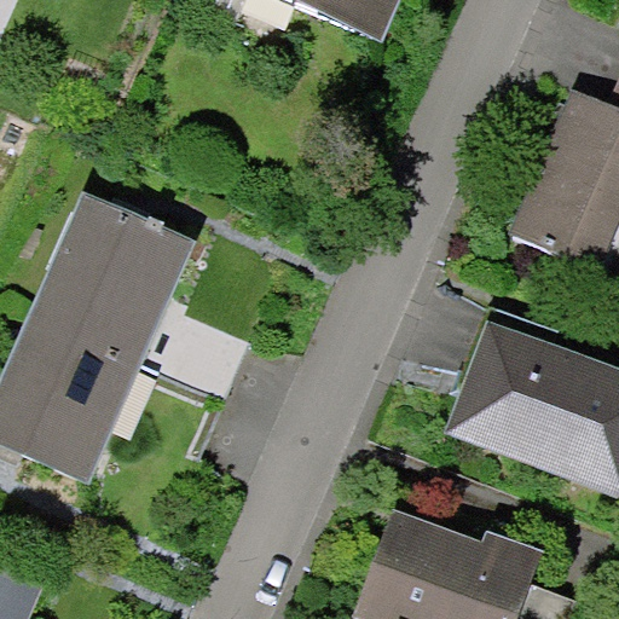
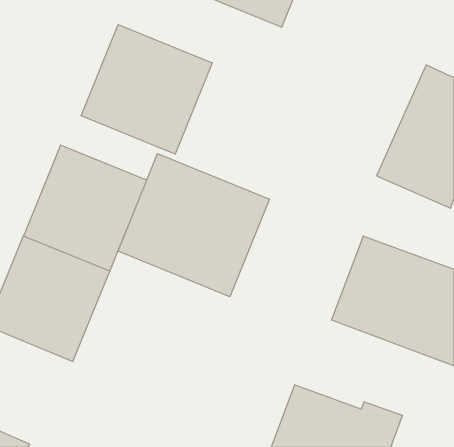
building: none -> [81,25,212,154]
building: none -> [118,154,270,297]

